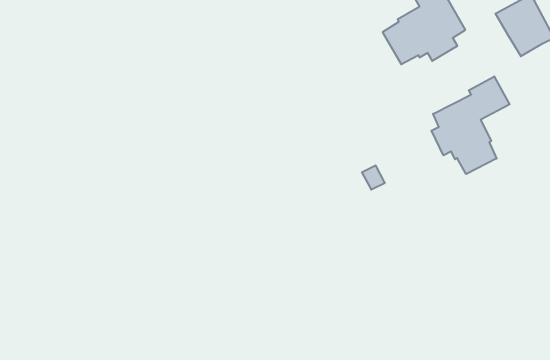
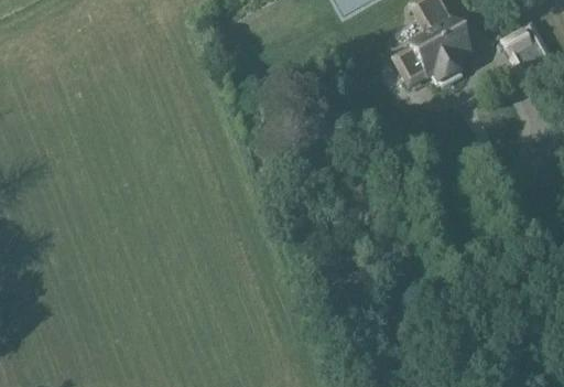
building: [431,76,510,174] -> none

